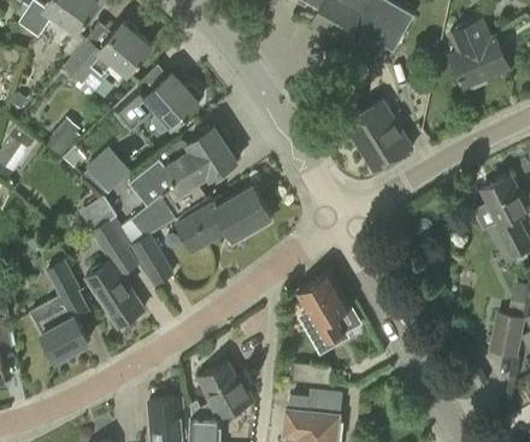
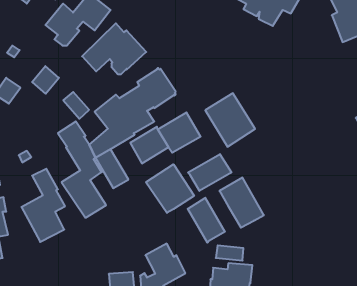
building: [344,101,412,173] -> [205,93,255,147]
building: none -> [188,154,231,191]
building: none -> [146,164,194,213]
building: none -> [188,198,225,243]

